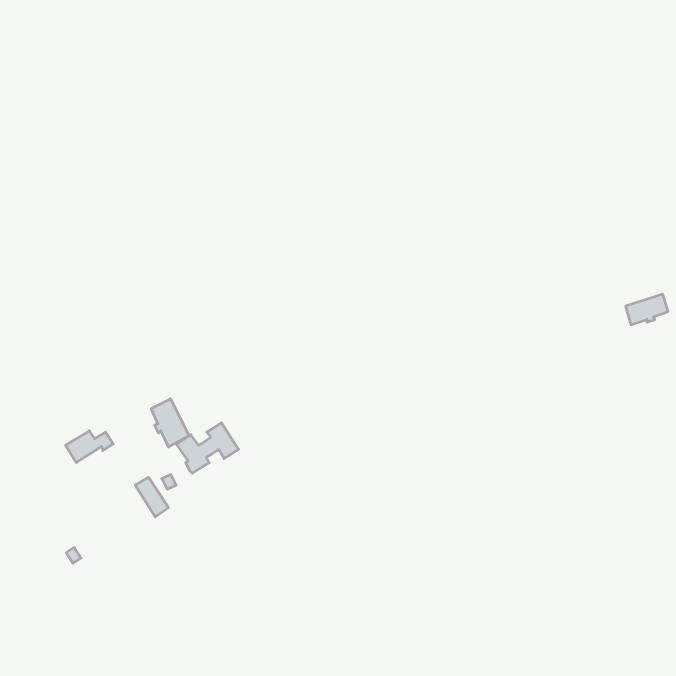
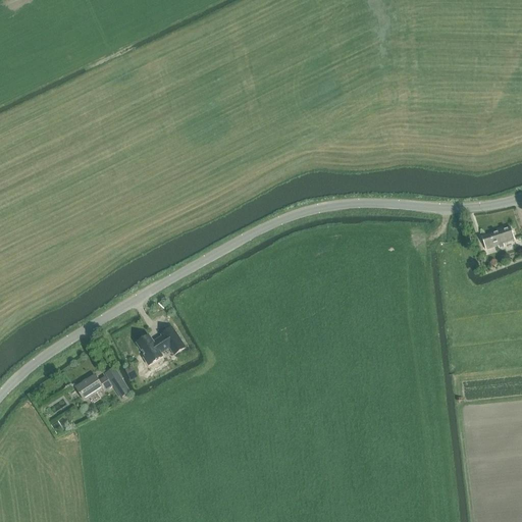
building: [151,399,189,447] -> none
building: [66,431,113,463] -> [74,375,111,400]

